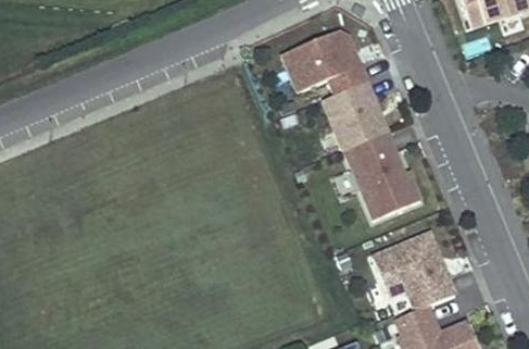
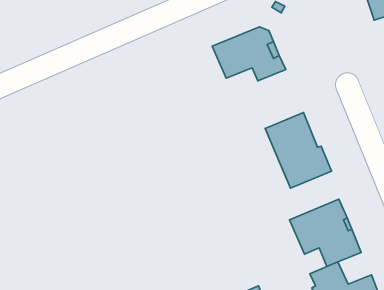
building: [323,82,388,150] -> none

